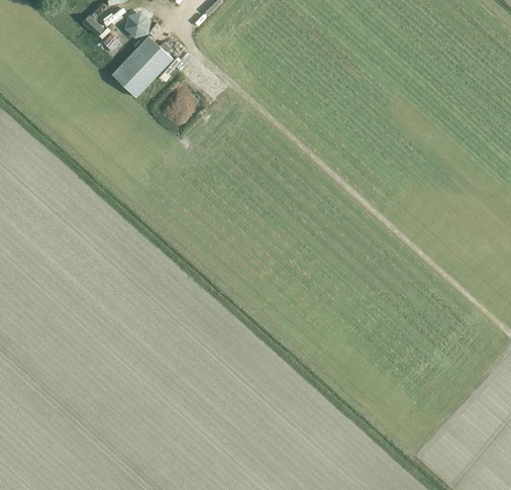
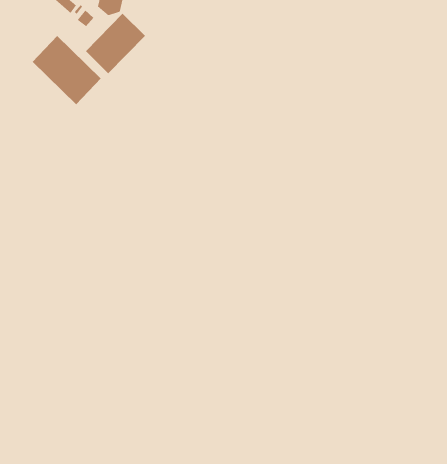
building: none -> [32,35,102,105]

